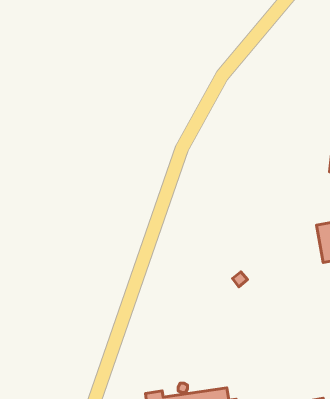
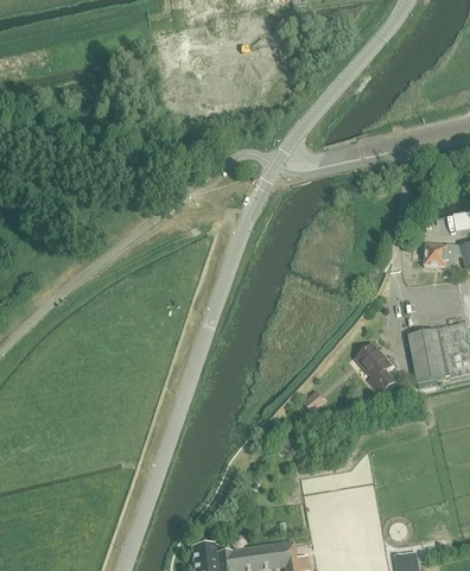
building: none -> [355,343,393,392]

